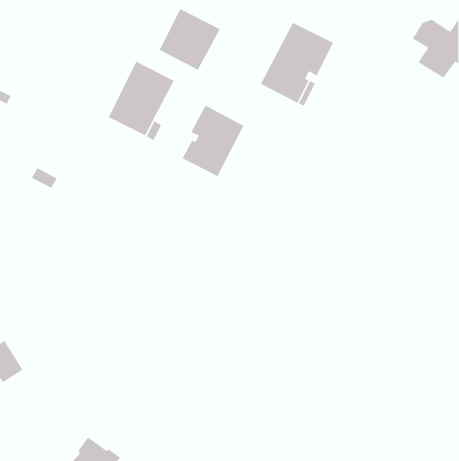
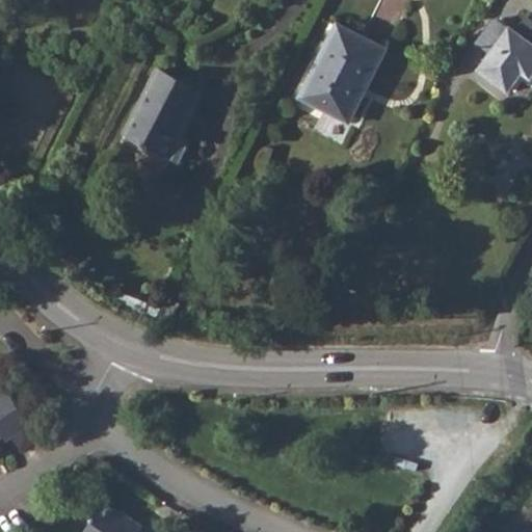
building: [159,8,221,71] -> none
building: [181,105,244,177] -> none

